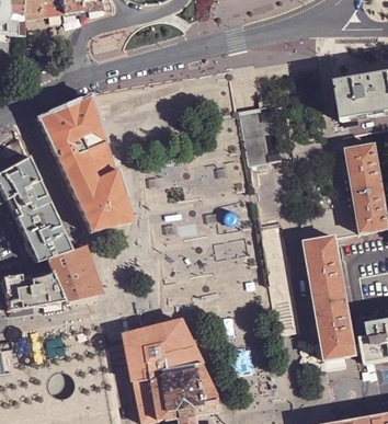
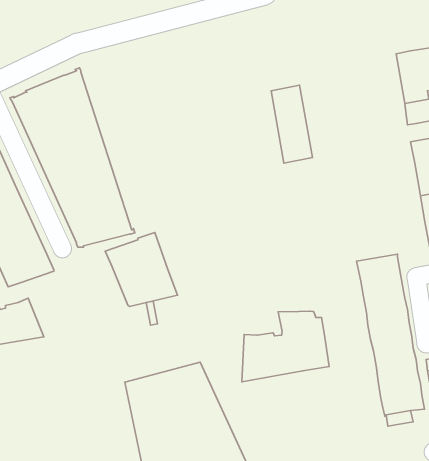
building: [45,243,101,300] -> [105,233,178,306]
building: none -> [242,311,329,382]

